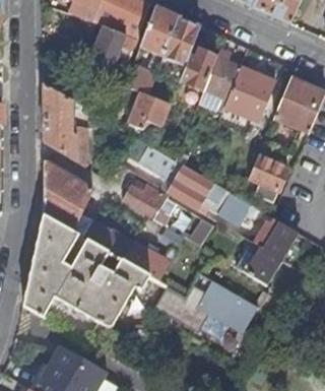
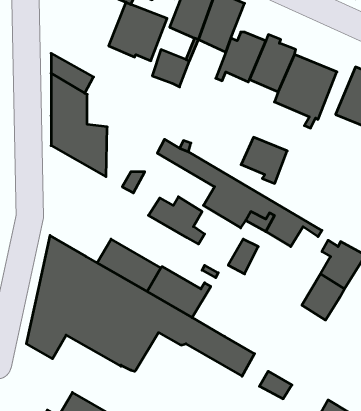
building: [129,91,171,129] -> none
building: [249,155,286,193] -> [241,137,287,183]
building: [42,160,92,233] -> none
building: [184,272,257,331] -> none

